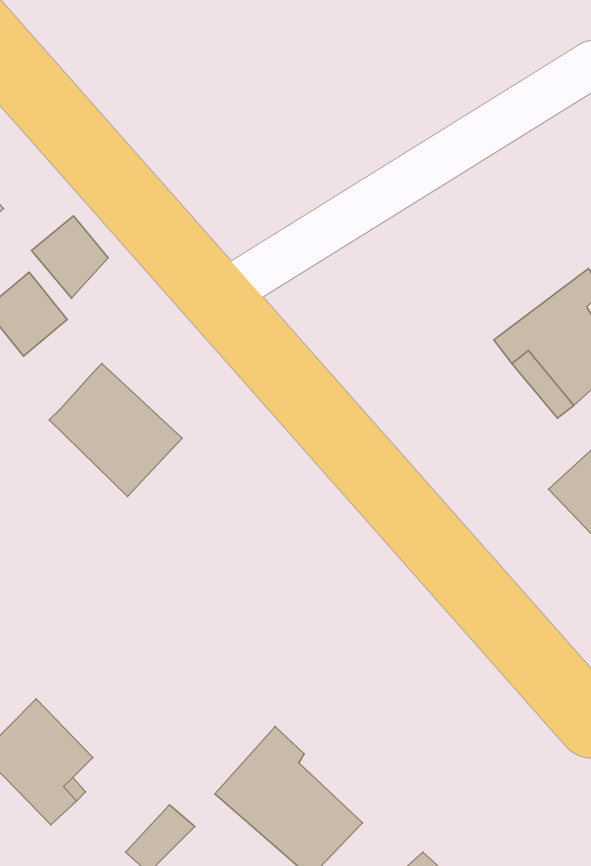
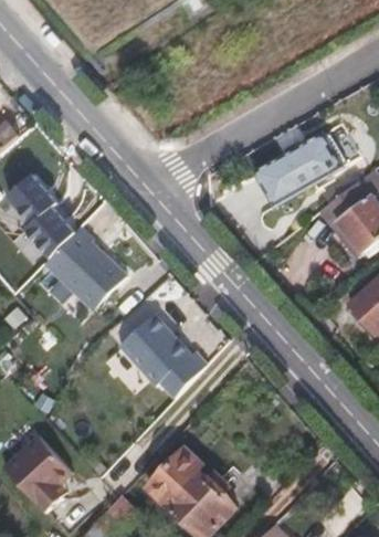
building: none -> [255,128,347,204]
building: [31,216,108,298] -> [27,207,73,256]
building: none -> [122,308,206,393]

